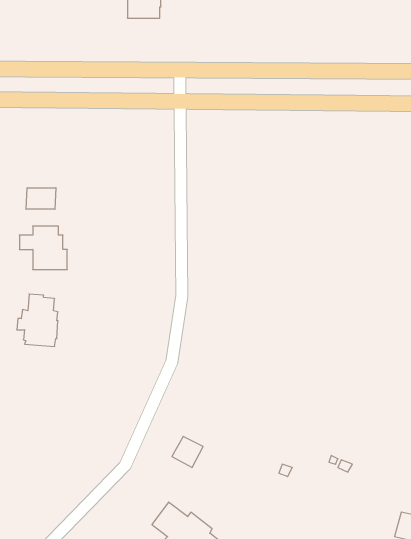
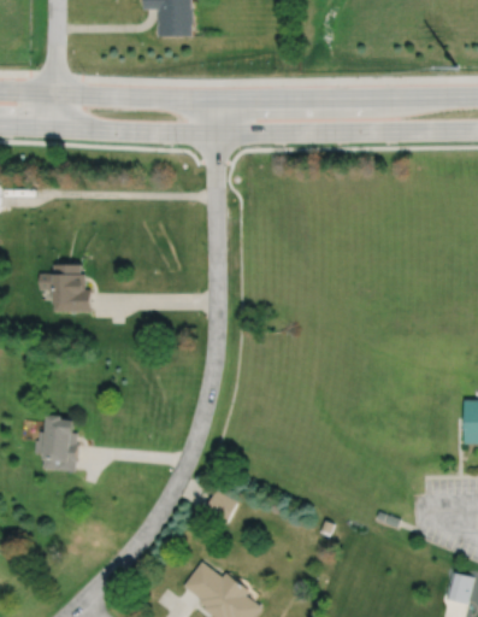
building: [26,188,56,209] -> none
building: [17,294,58,346] -> [35,415,79,471]

